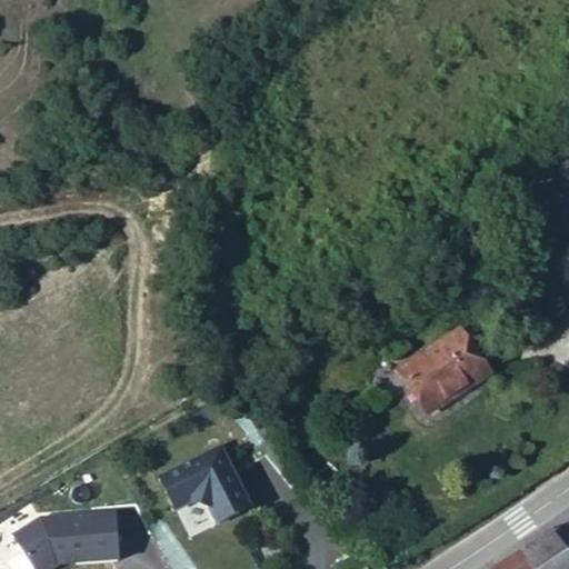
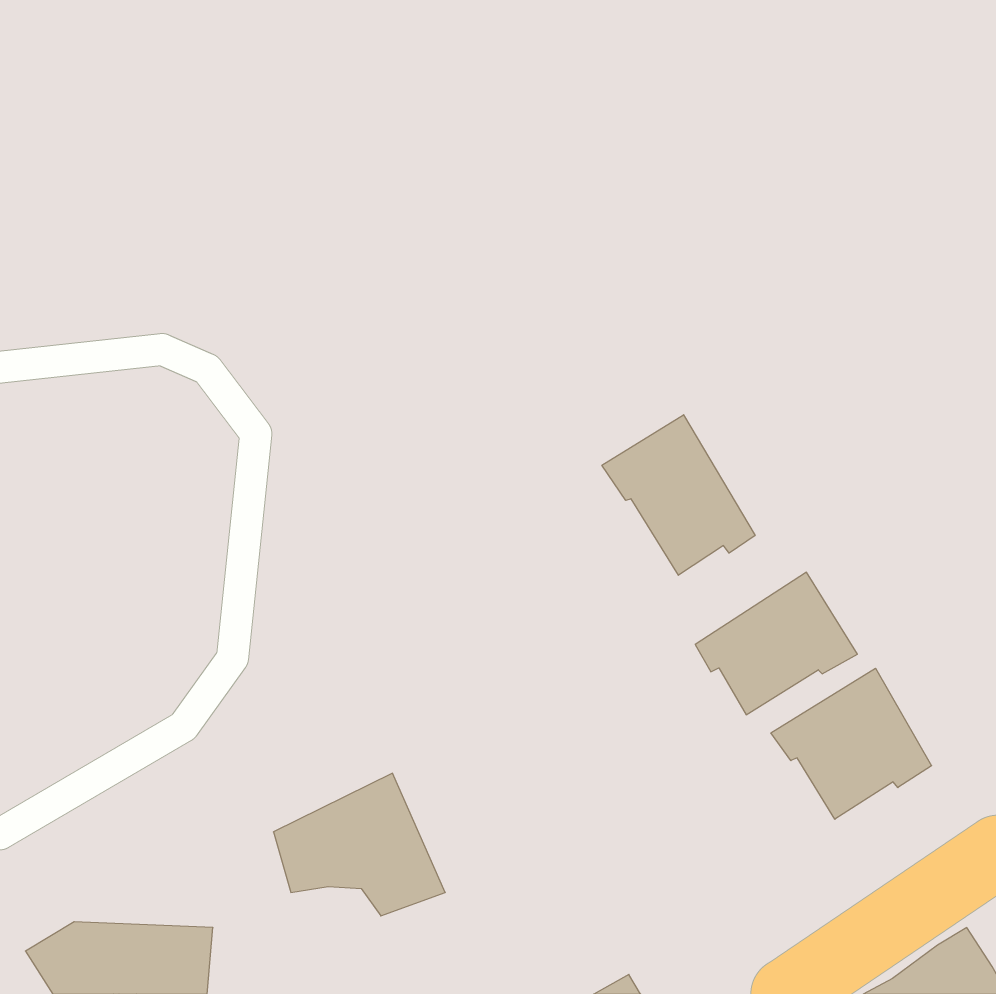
building: none -> [602,415,755,575]
building: none -> [771,668,932,819]

